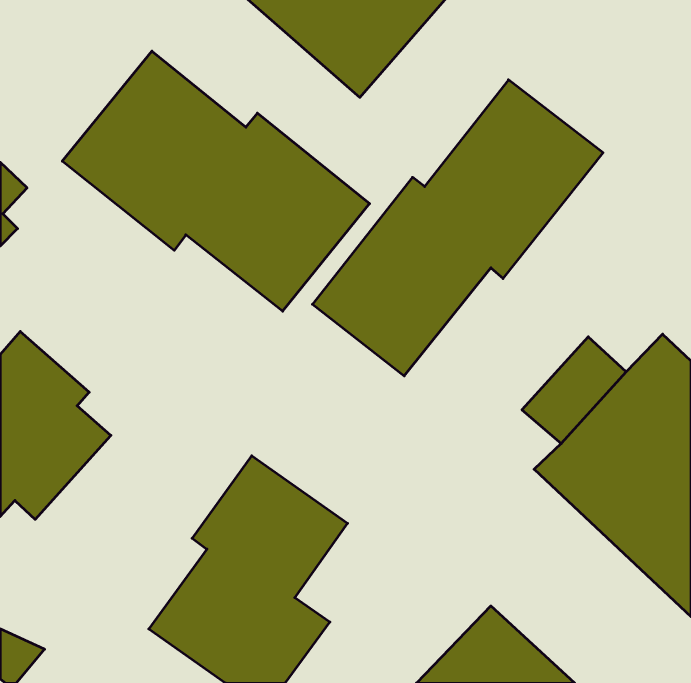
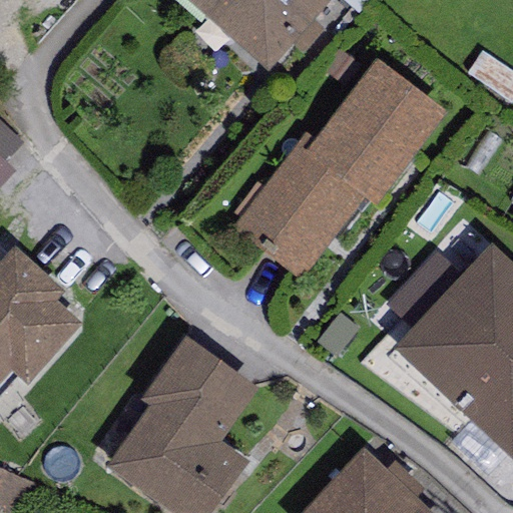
building: [62,51,370,311] -> none

